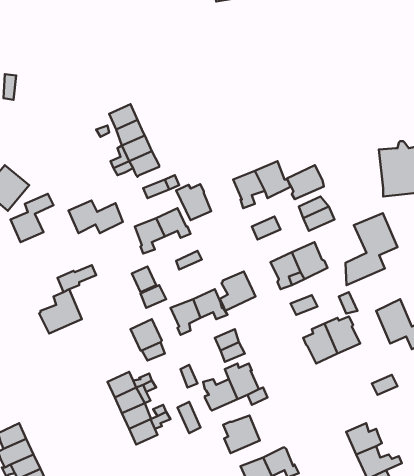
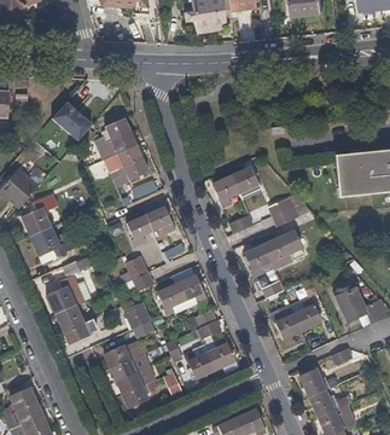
building: none -> [52,102,93,140]
building: [287,165,324,199] -> none
building: [176,184,211,220] -> none
building: [69,200,123,233] -> [31,227,77,255]
building: [346,213,398,285] -> none
building: [220,272,256,311] -> none
building: none -> [56,304,95,342]
building: none -> [298,370,336,396]
building: [223,415,260,453] -> none

